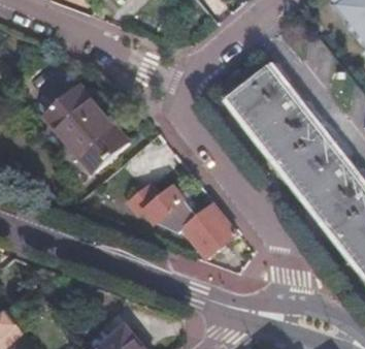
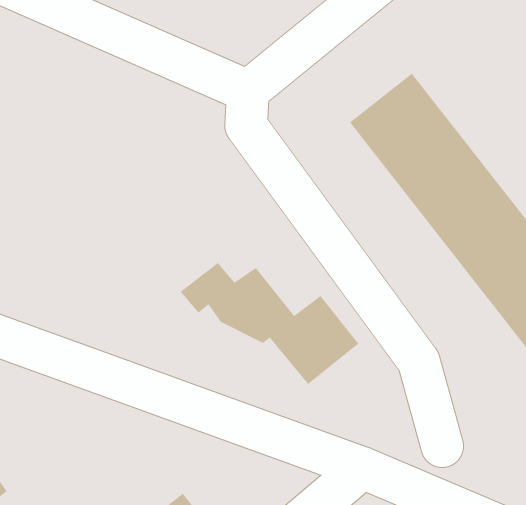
building: [41,81,124,167] -> none

